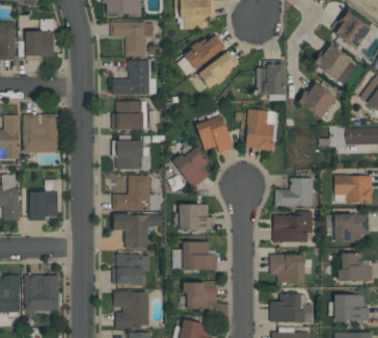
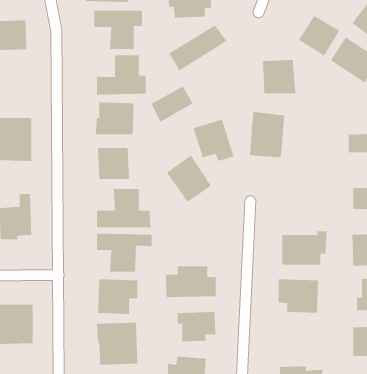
building: [198,55,236,87] -> [151,86,194,123]
building: [299,82,335,119] -> [298,15,340,57]
building: [275,178,313,206] -> none
building: [178,204,214,232] -> none
building: [270,294,313,322] -> none

